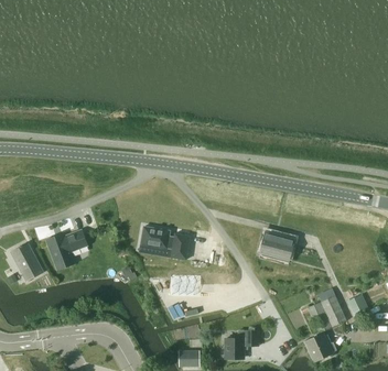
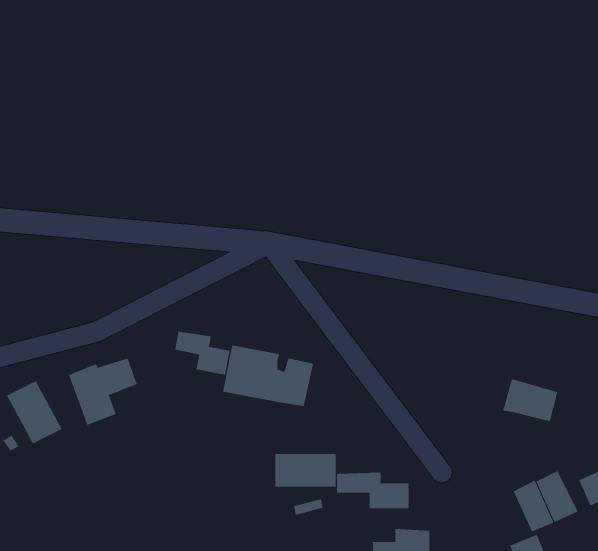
building: none -> [175,331,230,376]
building: [260,231,293,257] -> [502,379,558,422]
building: none -> [336,472,409,509]

